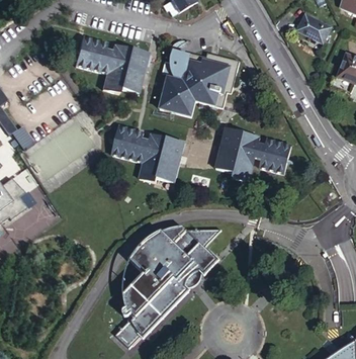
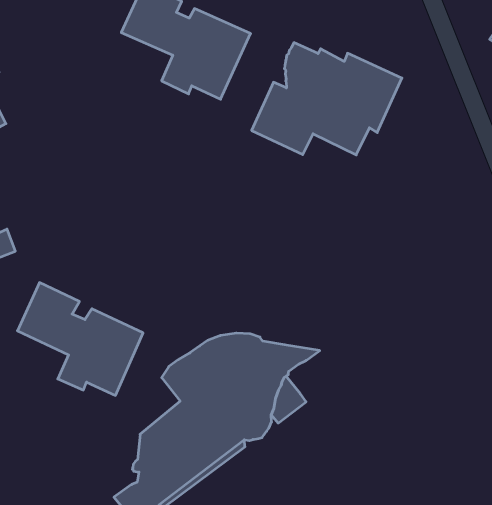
building: [111,121,185,180] -> [17,283,143,395]
building: [216,127,293,183] -> none

